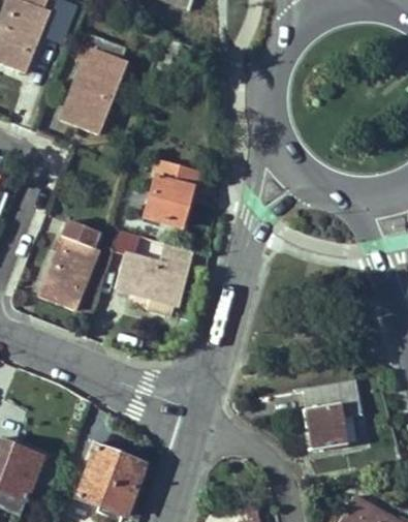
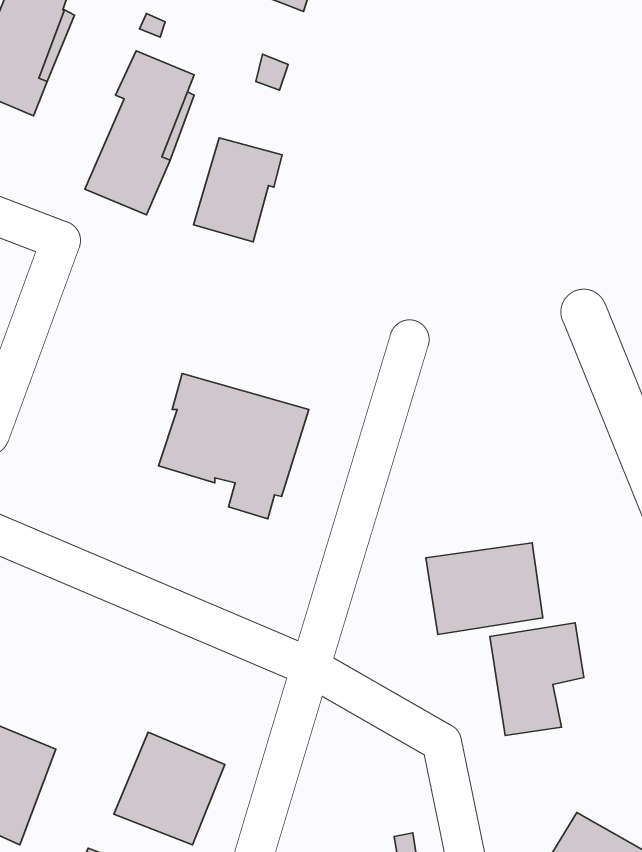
building: [144,161,197,224] -> [193,138,282,242]
building: [40,221,100,312] -> none
building: none -> [426,543,543,634]

